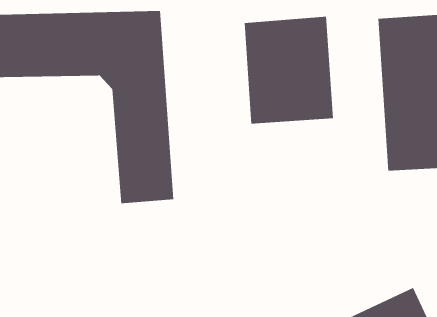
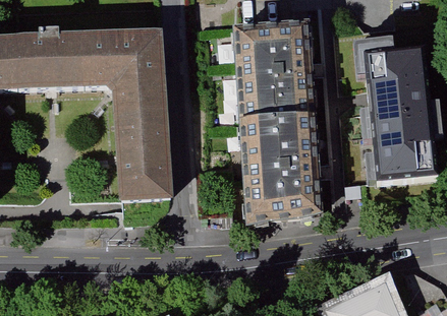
building: none -> [240,126,322,229]

